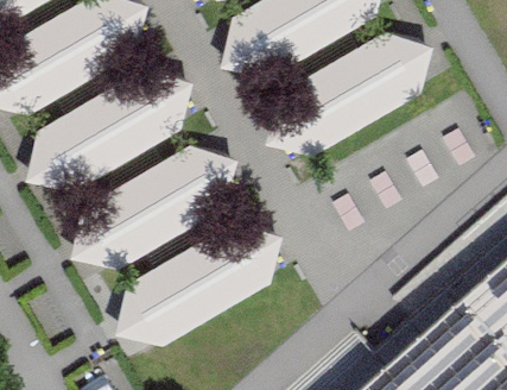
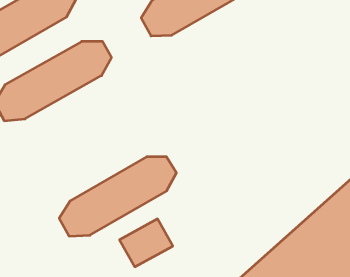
building: [271,39,426,144] -> none
building: [77,152,232,256] -> none

